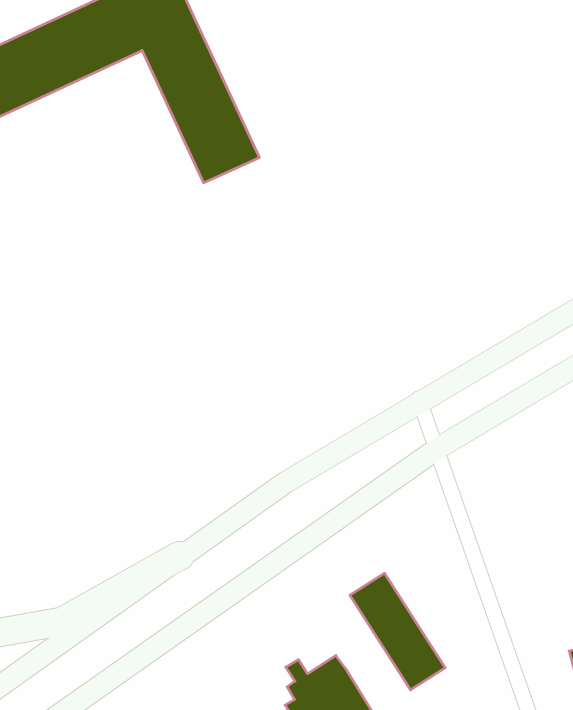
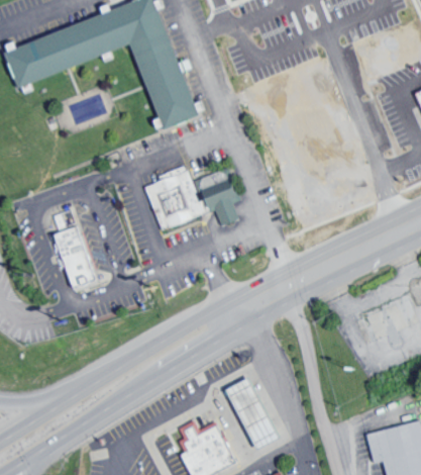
building: none -> [143,169,240,230]
building: none -> [50,225,94,287]

